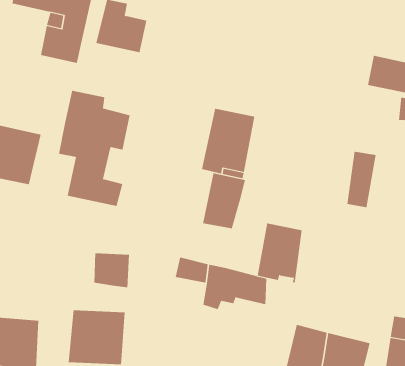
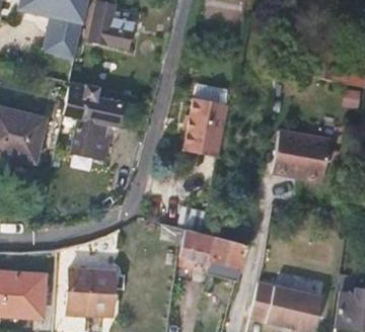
building: [203,173,246,229] -> none
building: [257,223,303,283] -> [271,128,309,178]
building: [94,253,129,288] -> none

